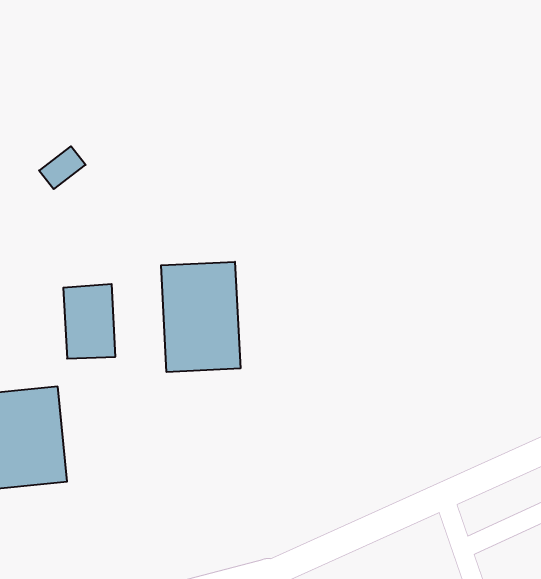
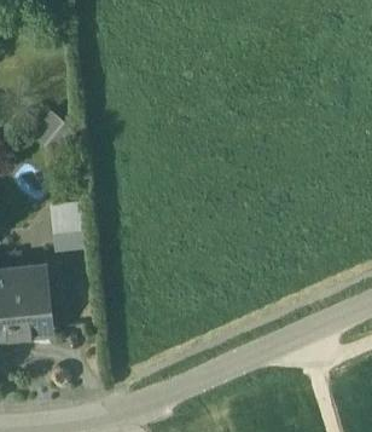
building: [161,262,240,372] -> none

